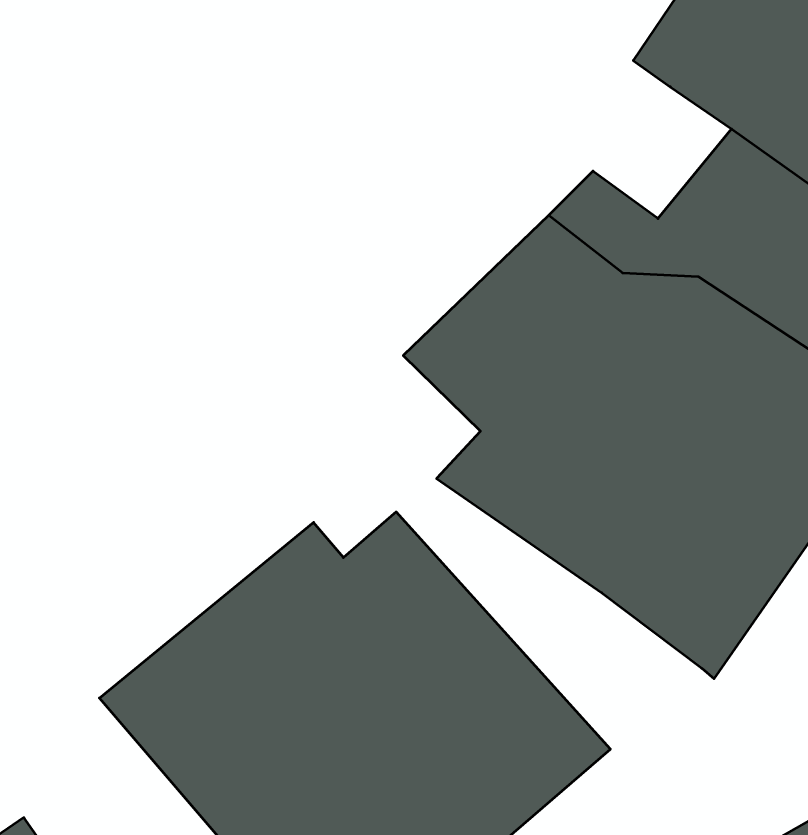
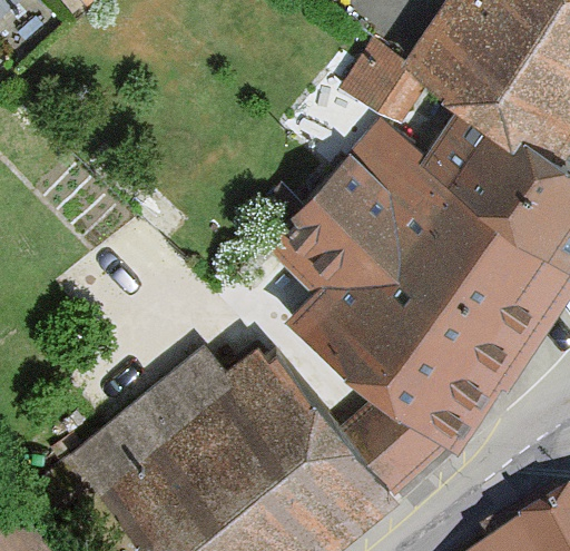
building: none -> [343,33,433,126]
building: none -> [342,393,453,492]

